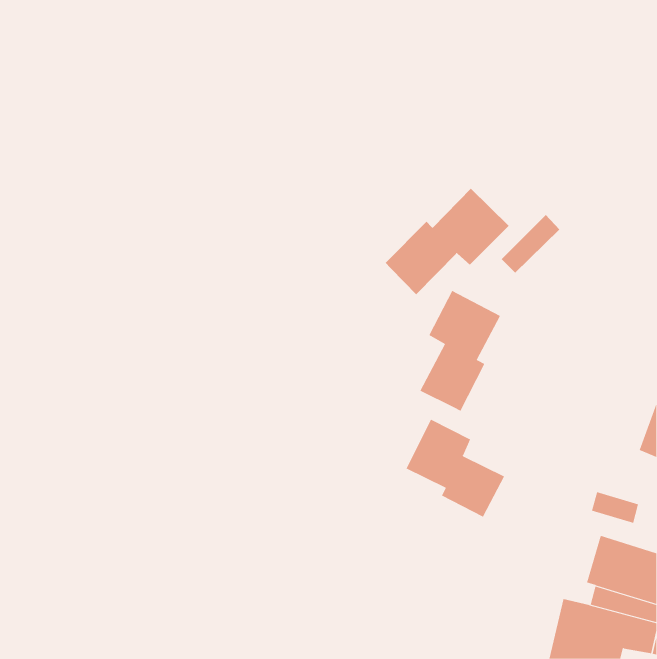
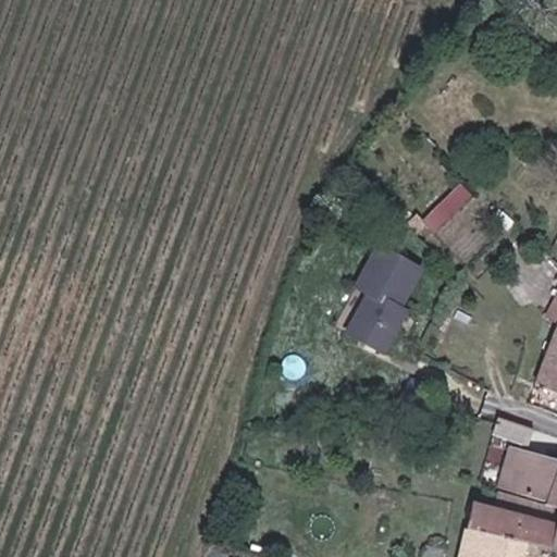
building: [385,188,510,295] -> none
building: [406,419,505,517] -> none

